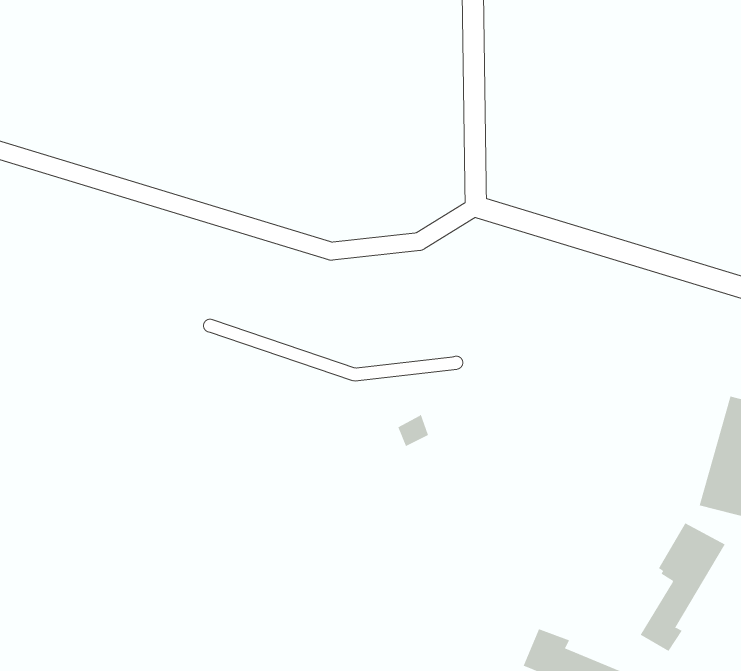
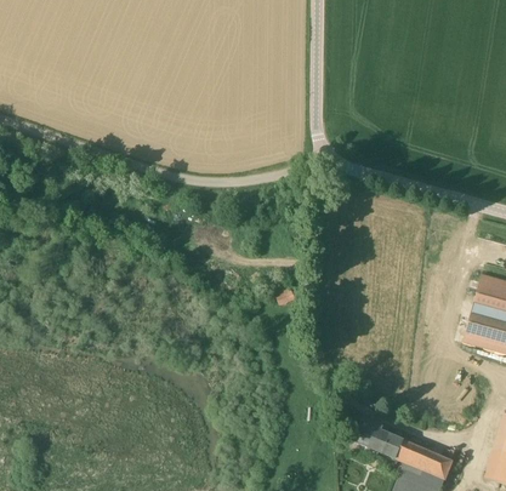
building: [640,522,726,652] -> none

